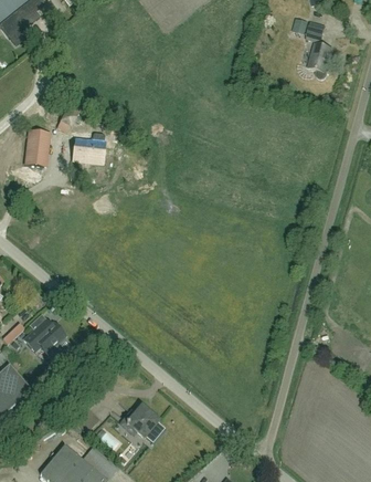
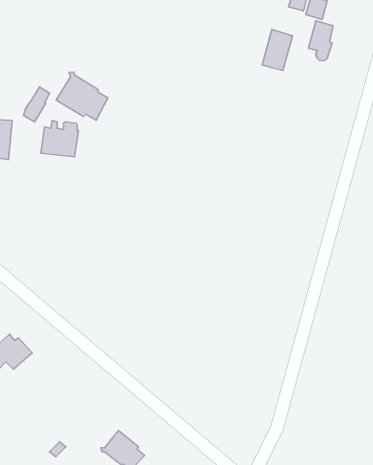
building: none -> [262,29,292,71]
building: none -> [56,72,108,120]

